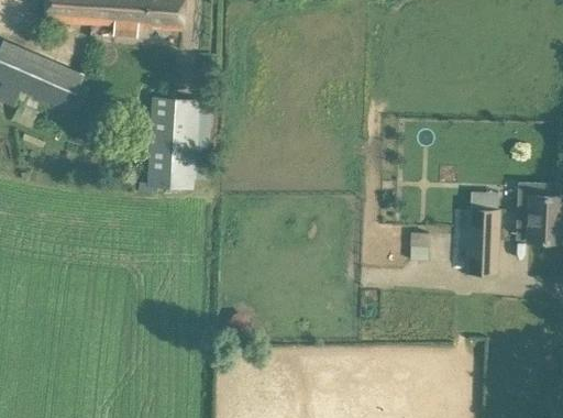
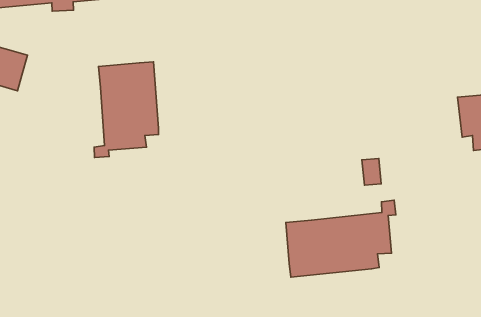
building: [467,209,498,272] -> none
building: none -> [286,200,396,277]

